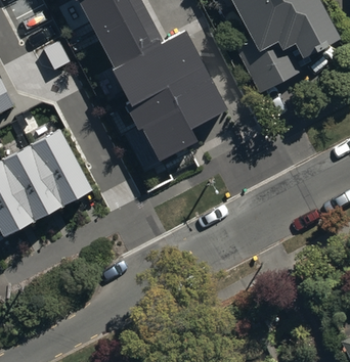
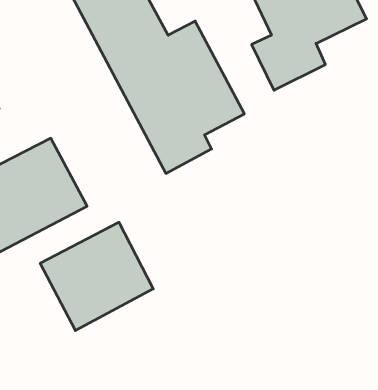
building: none -> [40,222,153,331]

